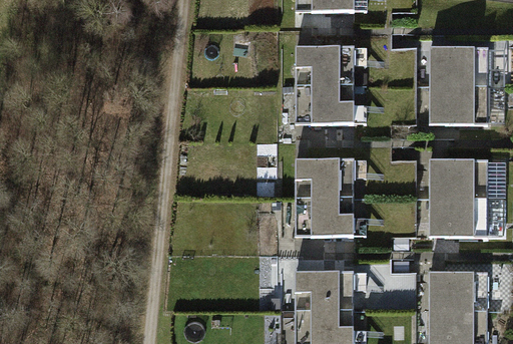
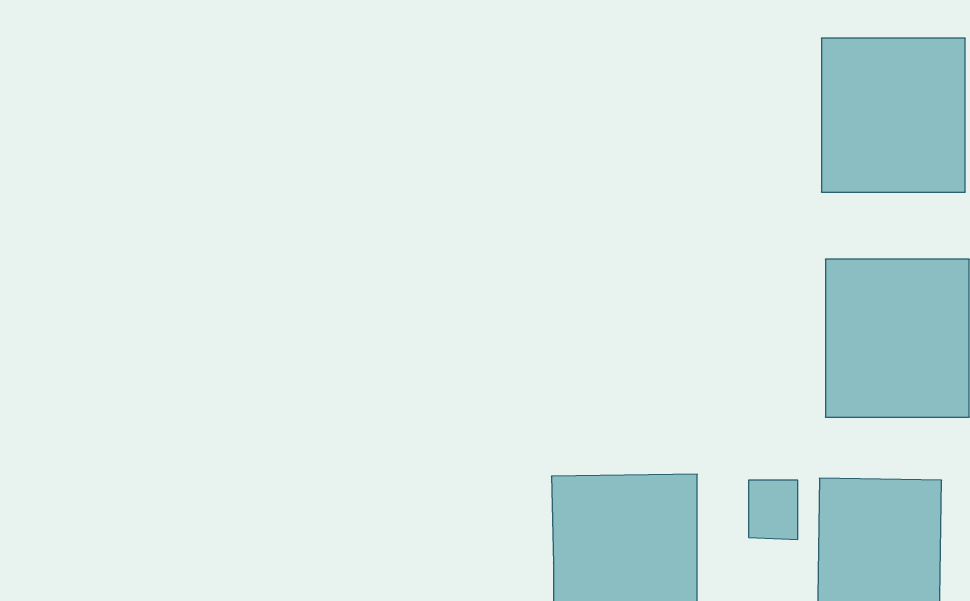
building: [292,46,364,125] -> none
building: [294,157,369,238] -> none

